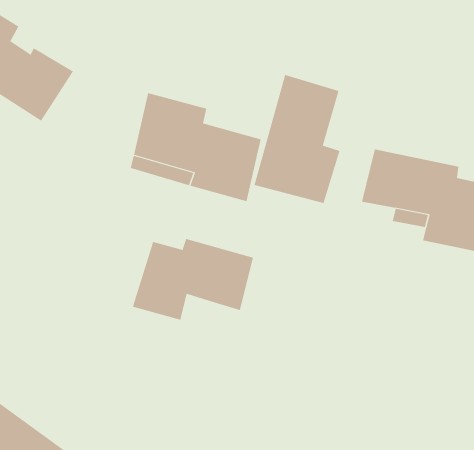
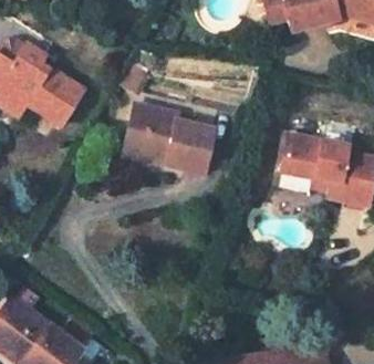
building: [254,74,340,204] -> none
building: [132,238,254,321] -> none

